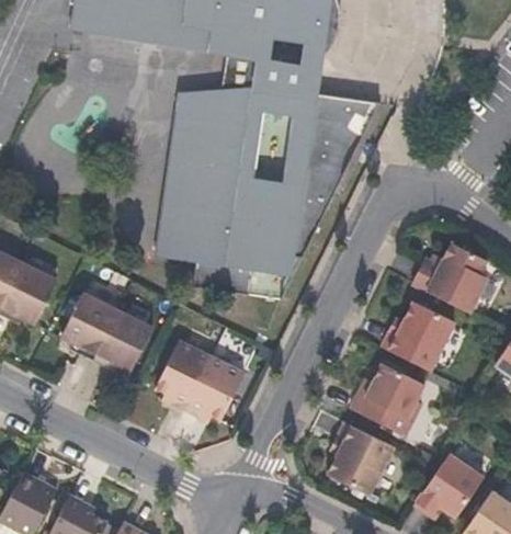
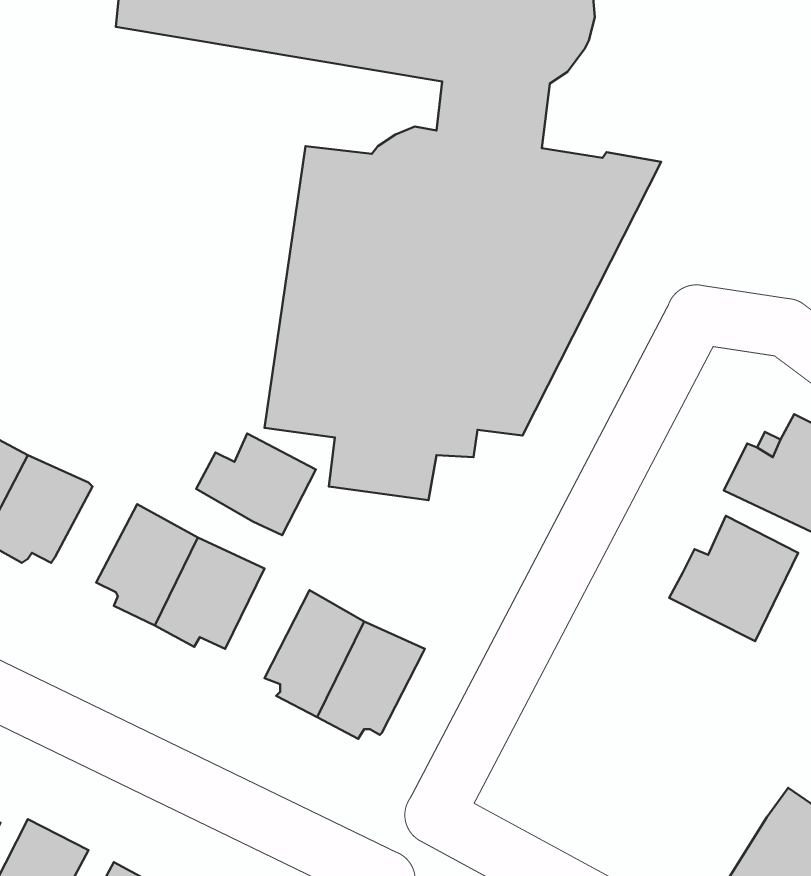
building: none -> [196,433,316,535]
building: [351,362,423,434] -> none
building: [327,422,391,493] -> none

